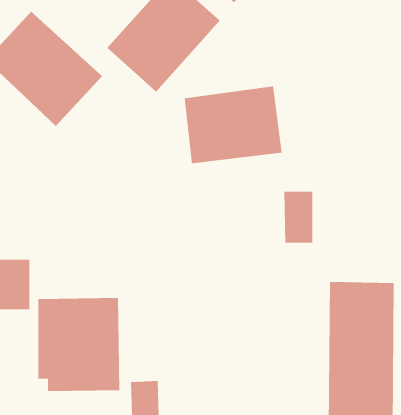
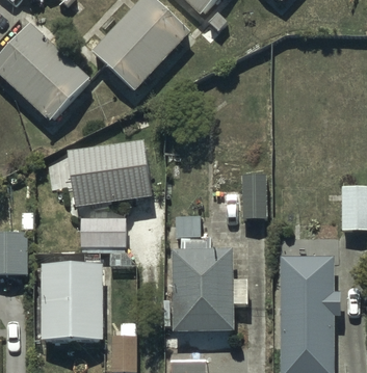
building: [184,86,283,164] -> [69,141,152,207]
building: none -> [82,216,131,264]
building: none -> [172,239,247,332]

